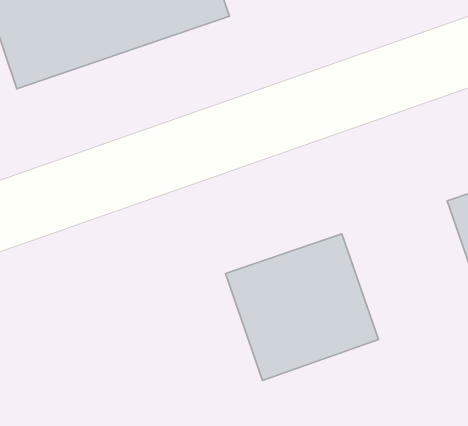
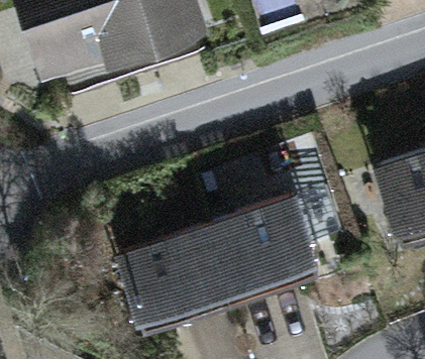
building: none -> [115,225,232,337]

